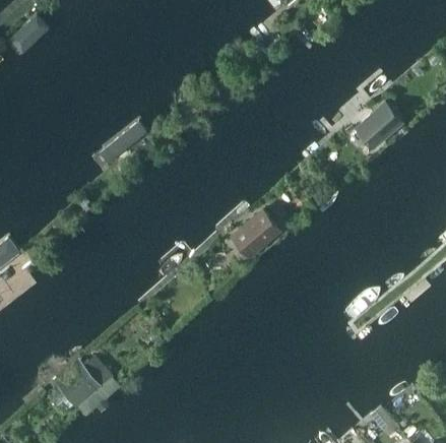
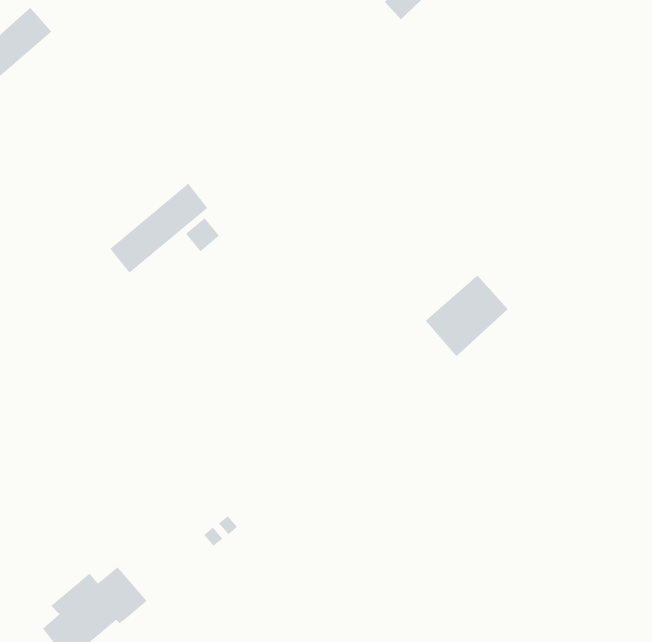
building: [357,104,402,147] -> none
building: [230,208,281,259] -> [425,275,509,357]

